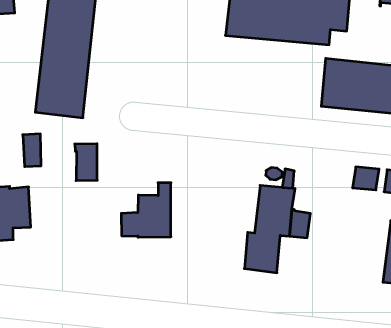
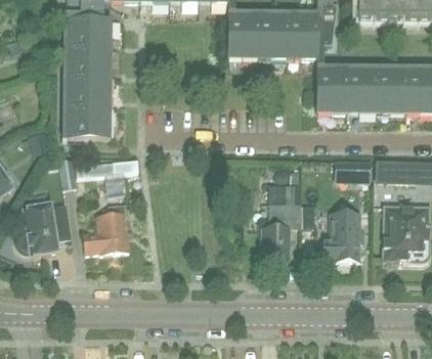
building: [121,183,171,237] -> [83,203,128,253]
building: none -> [322,213,363,260]

